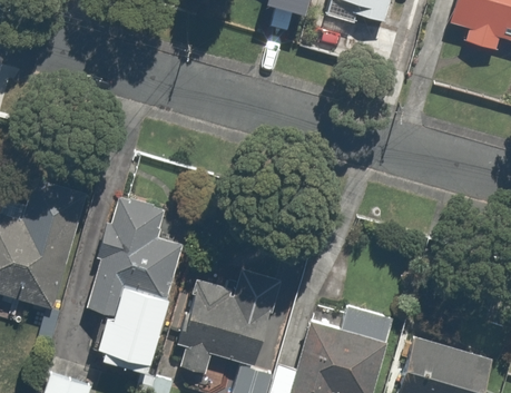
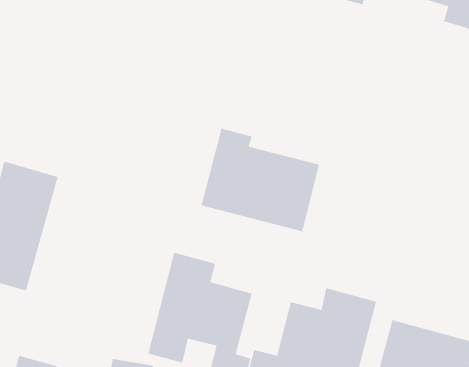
building: none -> [201,128,319,232]
building: [86,196,180,370] -> none

